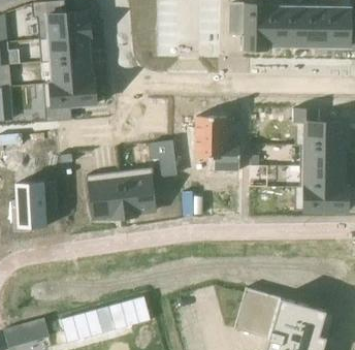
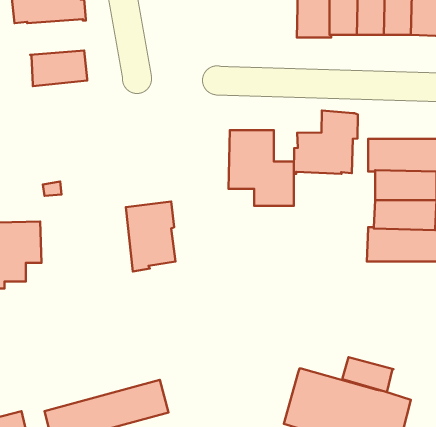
building: [39,35,90,63] -> none
building: [43,78,96,122] -> none
building: none -> [294,110,358,174]
building: [150,140,178,176] -> none
building: [86,171,125,219] -> none
building: none -> [342,357,394,392]

